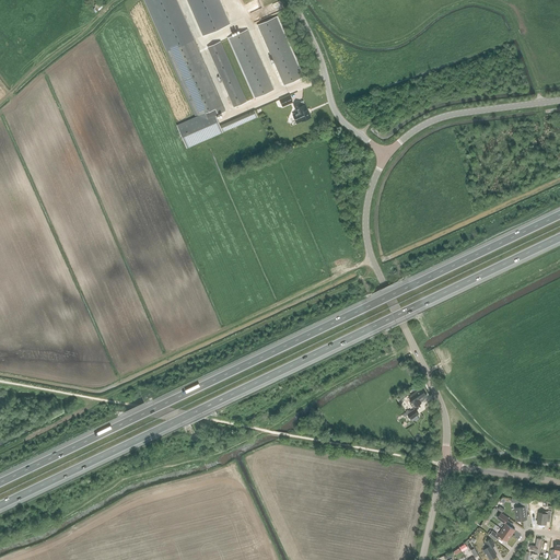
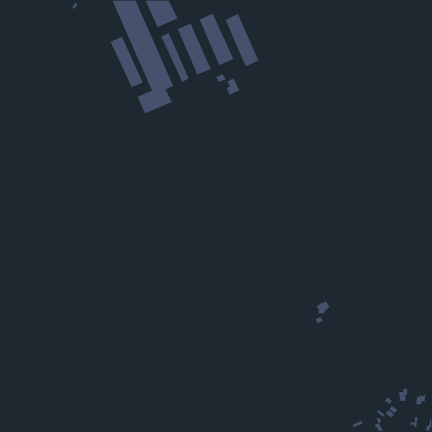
building: none -> [225,13,259,67]
building: none -> [110,36,144,88]

